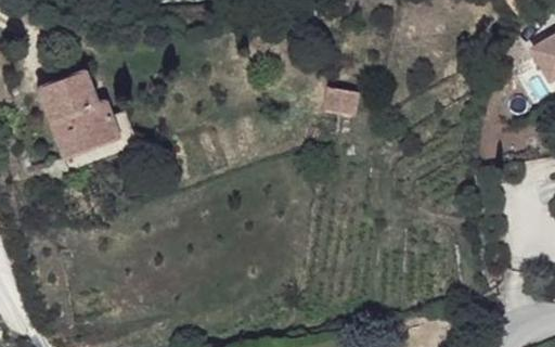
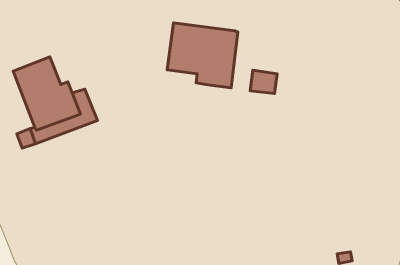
building: none -> [167,23,238,88]

